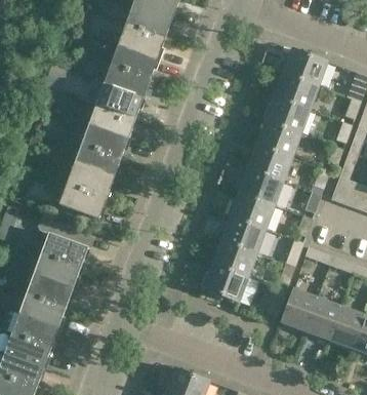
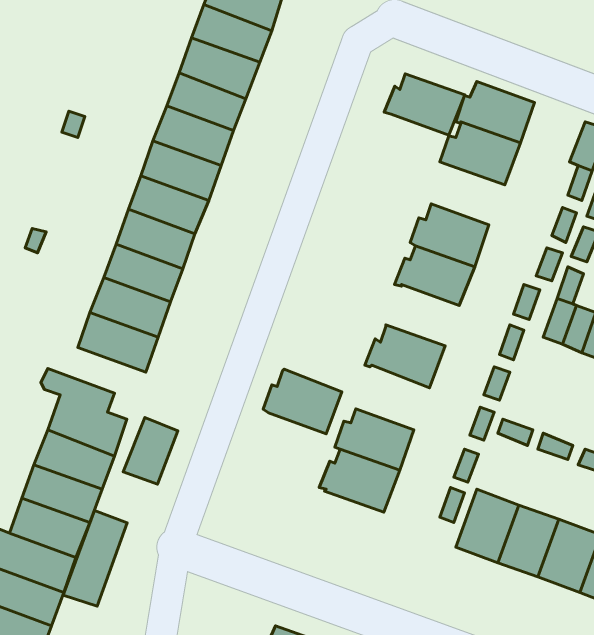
building: [261,97,309,133] -> [384,74,465,135]
building: [236,168,282,204] -> none
building: [218,215,264,253] -> [263,369,342,434]
building: none -> [123,417,178,484]
building: none -> [63,511,127,606]

